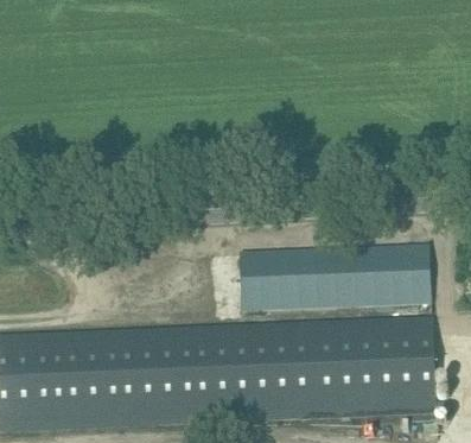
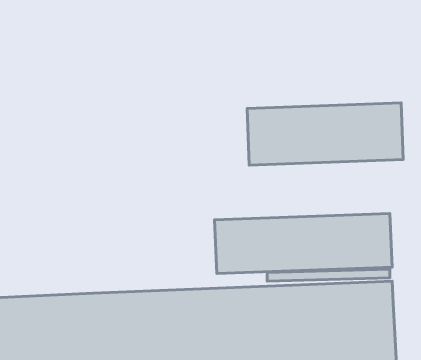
building: none -> [247,103,403,165]

